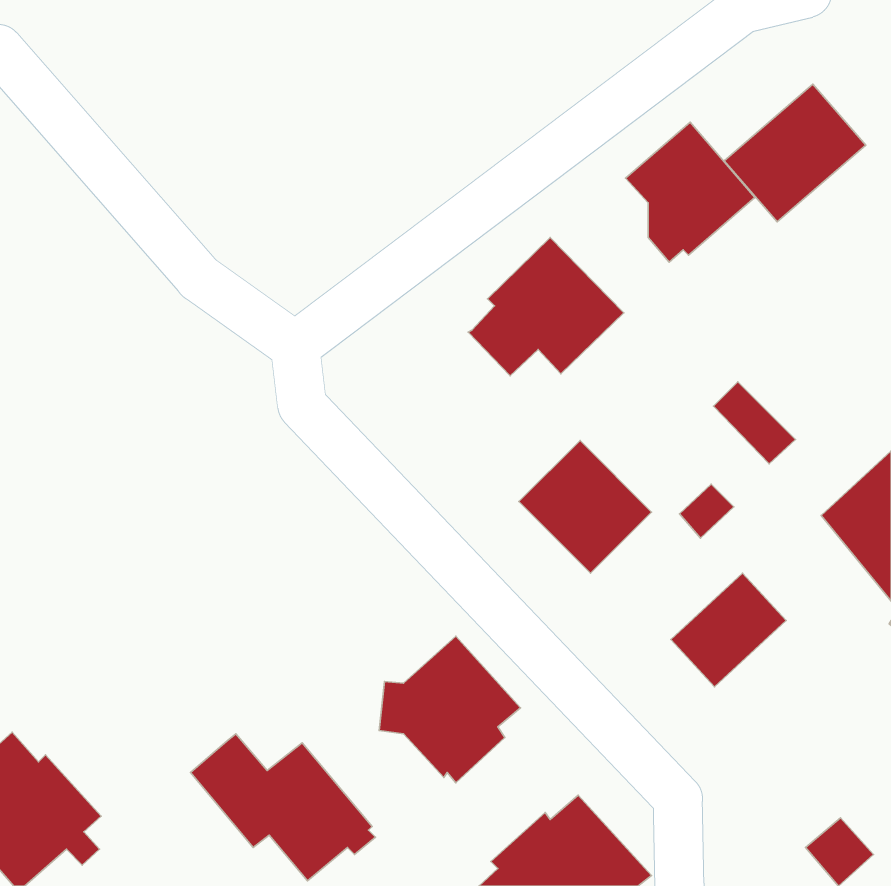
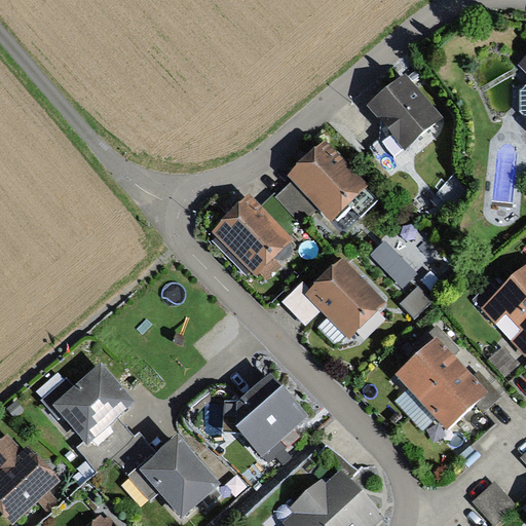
building: [724,84,866,222] -> none
building: none -> [211,190,300,275]
building: [713,382,795,464] -> [372,236,420,285]
building: none -> [41,364,134,467]
building: none -> [420,365,501,433]

